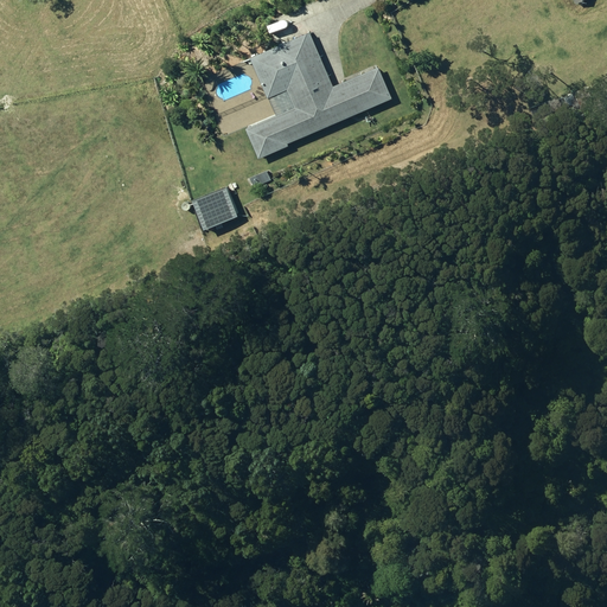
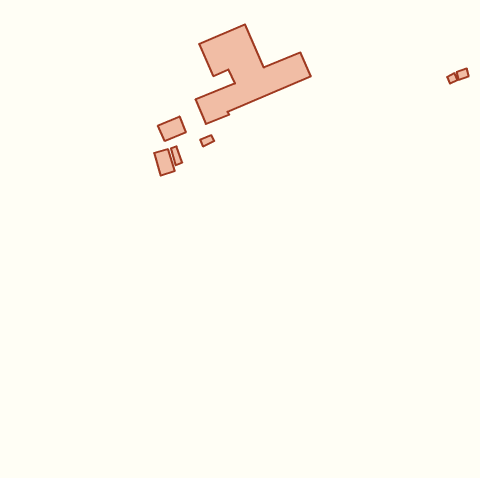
building: none -> [158,116,186,141]

